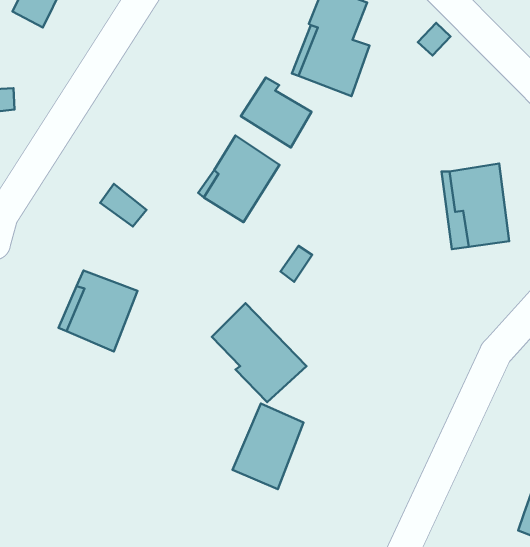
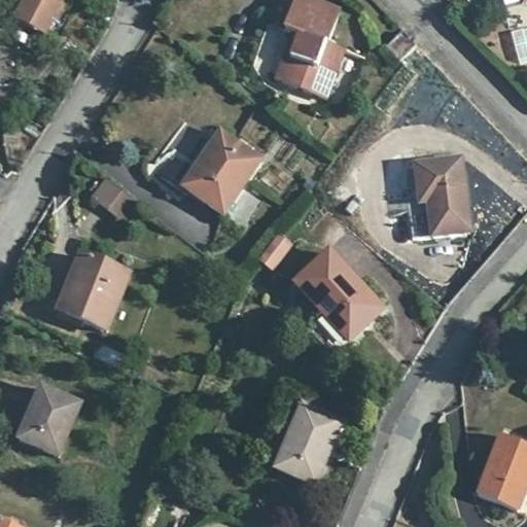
building: [241,77,311,148] -> none
building: [212,303,307,402] -> [297,249,384,340]
building: [233,404,304,489] -> [276,403,341,482]
building: none -> [17,387,77,454]

